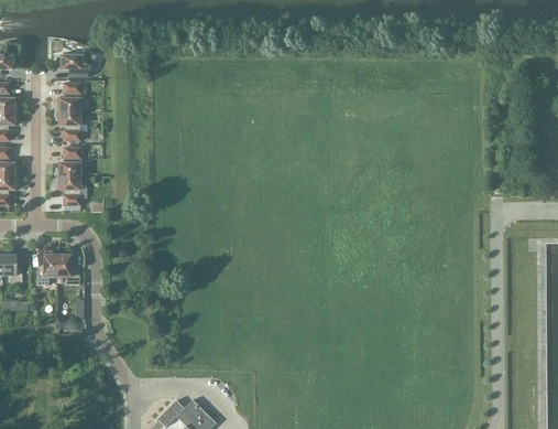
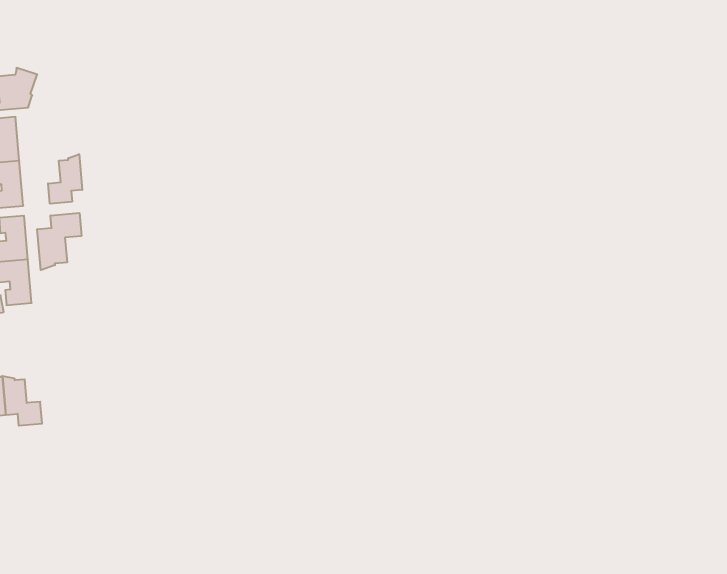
building: none -> [48,154,82,204]
building: none -> [37,213,81,270]

